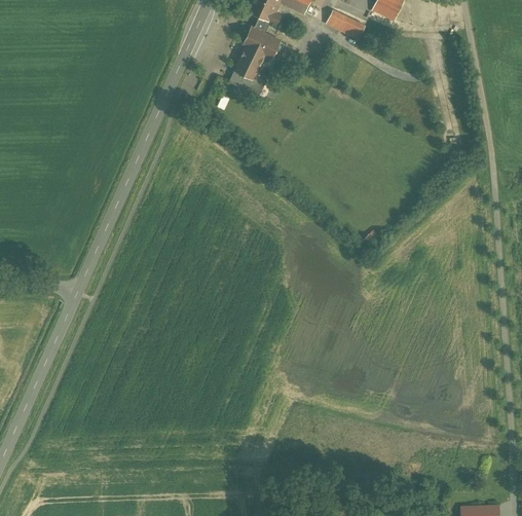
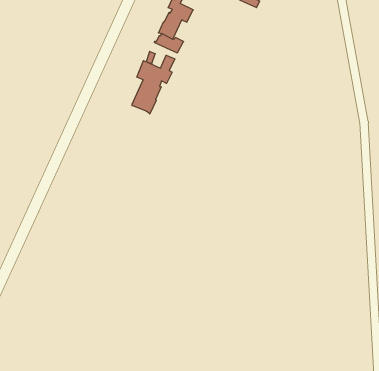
building: none -> [132,55,175,114]

